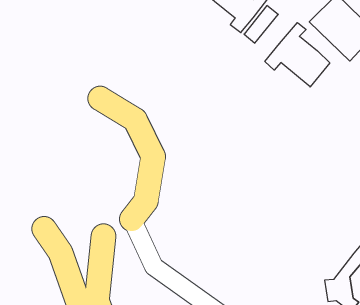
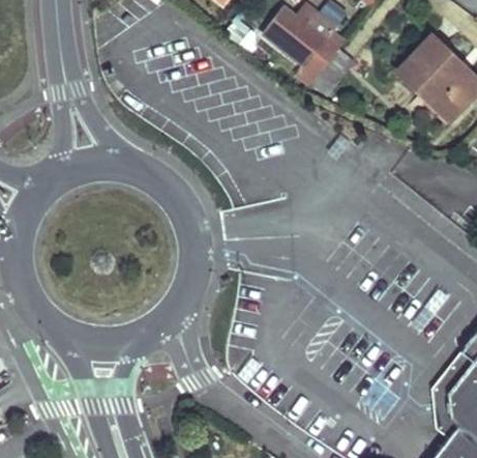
building: [265,23,330,87] -> none

